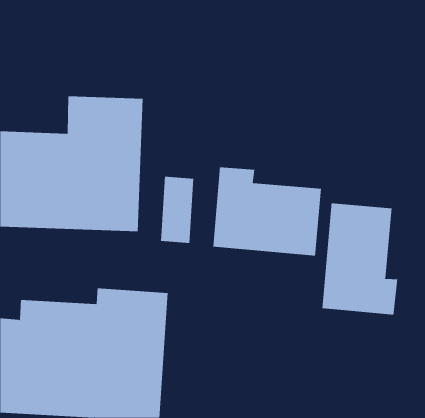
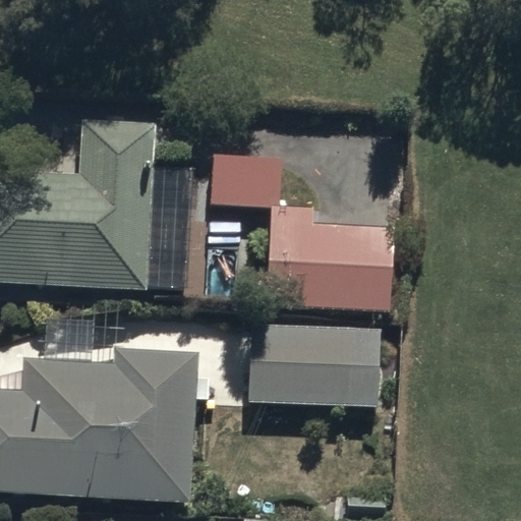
building: [322,202,398,316] -> none
building: none -> [242,322,380,404]

